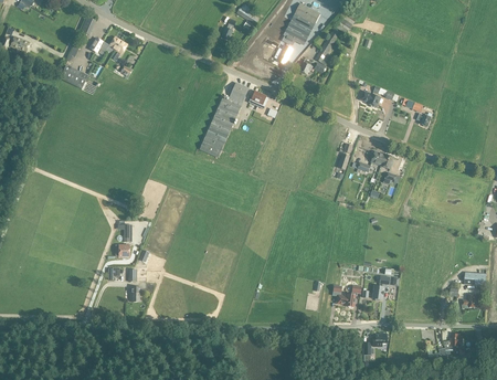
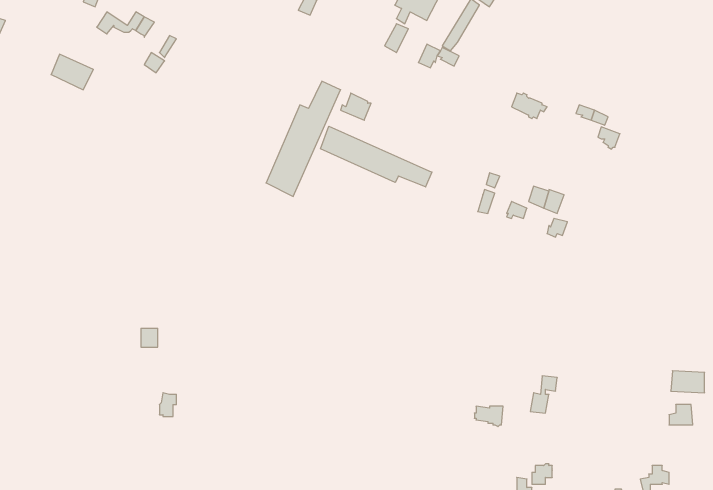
building: none -> [320,126,432,187]

